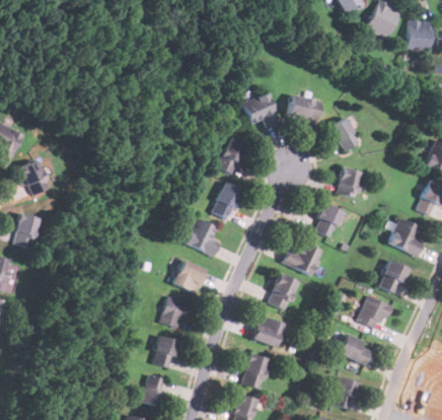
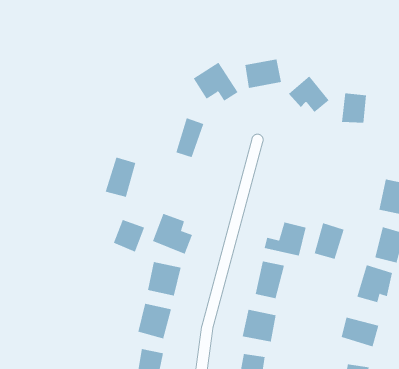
building: [337,167,363,197] -> [341,93,367,123]
building: [212,182,243,219] -> [105,157,136,198]
building: [314,203,345,237] -> [314,222,344,260]
building: none -> [113,219,145,253]

